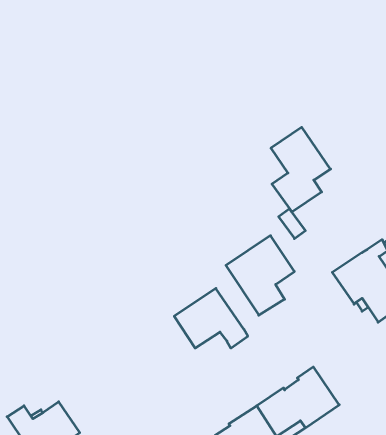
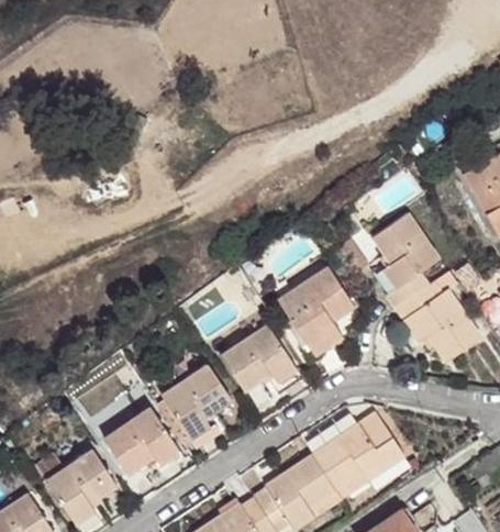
building: [271,127,331,212] -> [373,213,438,307]
building: none -> [157,365,231,448]
building: none -> [104,407,186,474]

